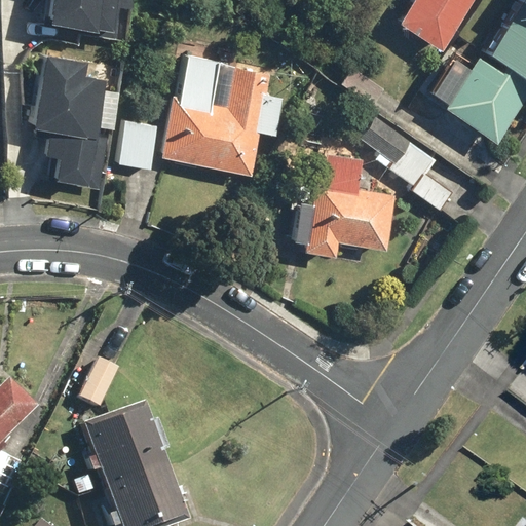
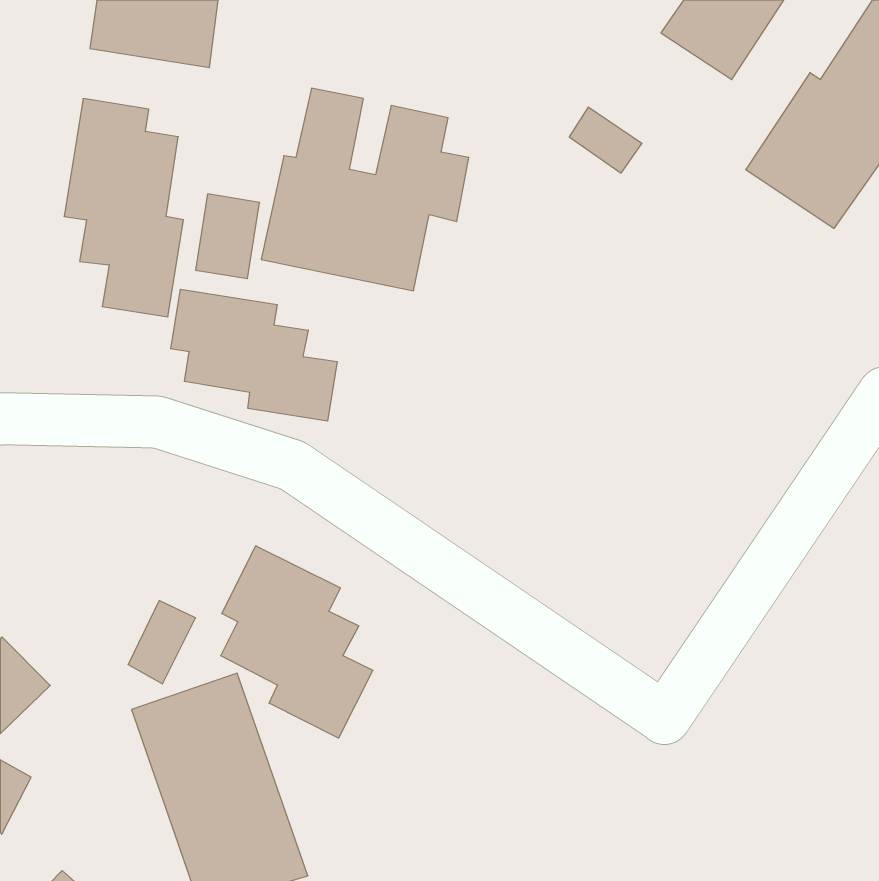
building: [359,115,453,209] -> none
building: [291,152,393,256] -> none
building: none -> [171,289,337,421]
building: none -> [221,546,373,738]

